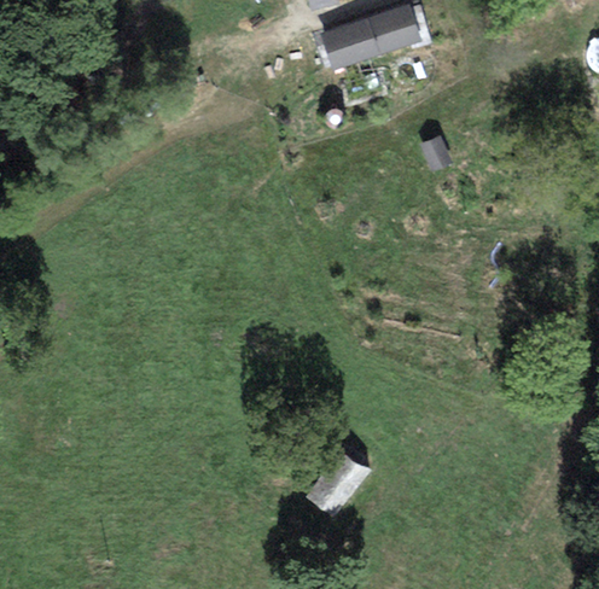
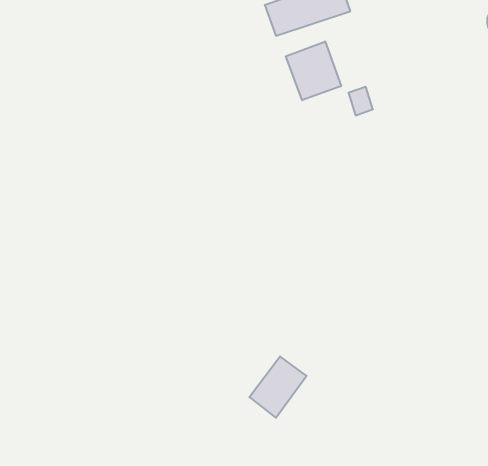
building: none -> [286,41,341,100]

